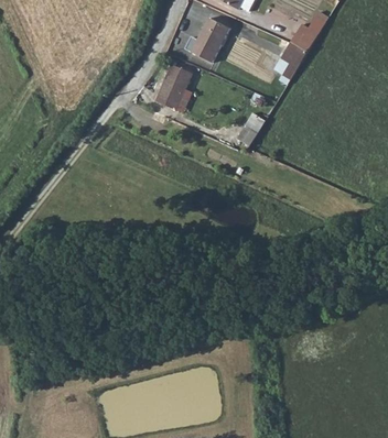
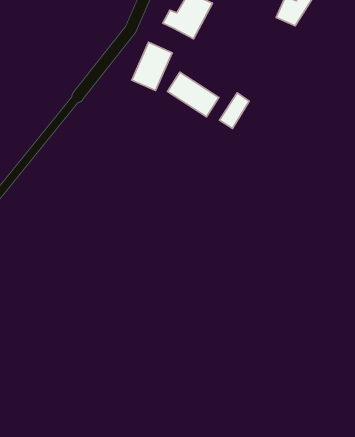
building: [283,42,308,78] -> none
building: none -> [167,72,219,117]

